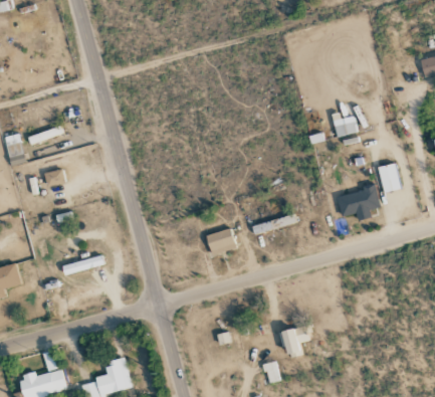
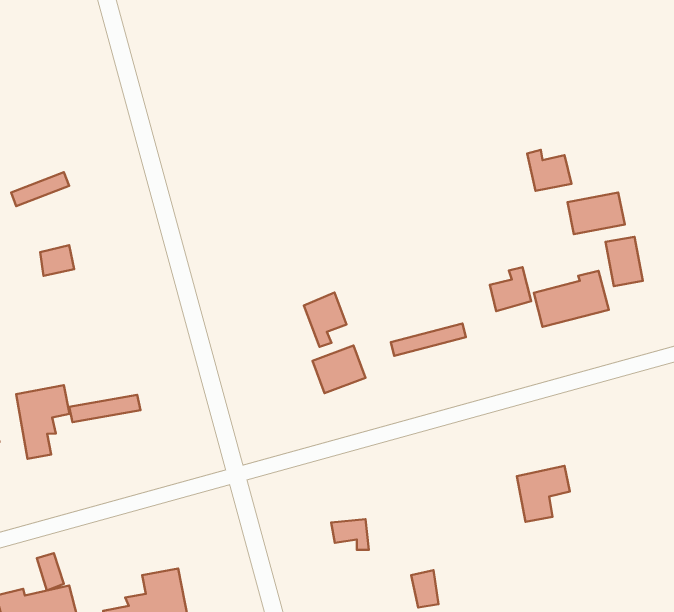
building: none -> [568,192,625,234]
building: none -> [490,267,531,311]
building: none -> [304,292,346,347]
building: none -> [16,385,69,459]
building: [281,325,312,358] -> [517,466,570,522]

